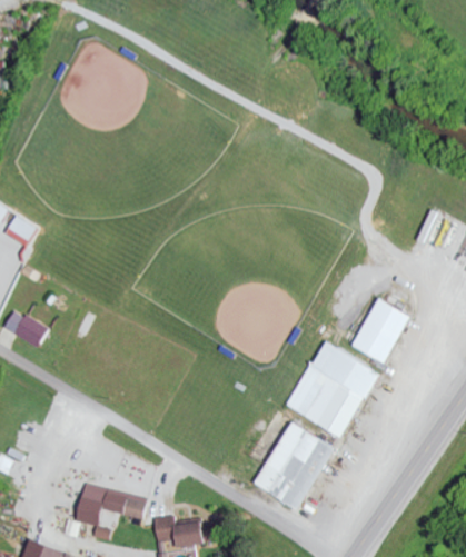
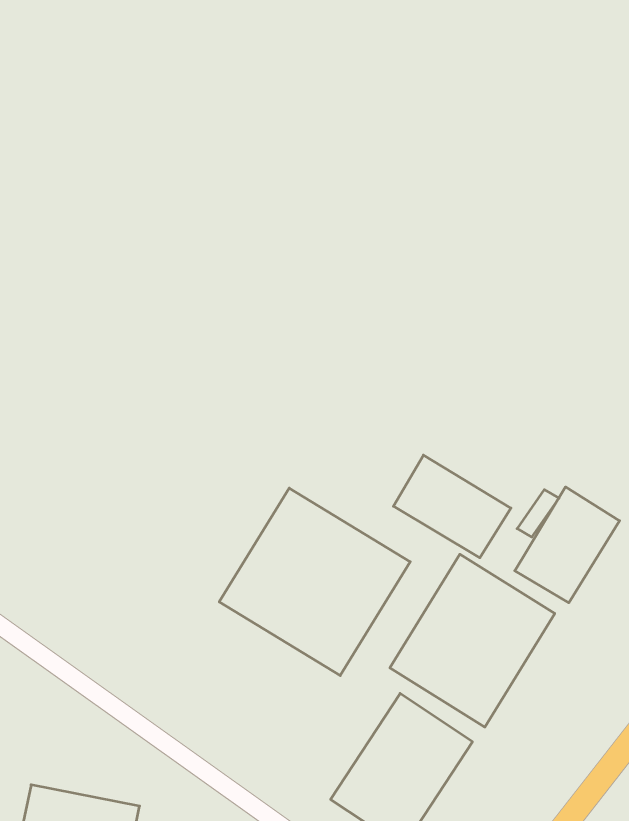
building: none -> [393,455,511,558]
building: none -> [219,488,410,676]

